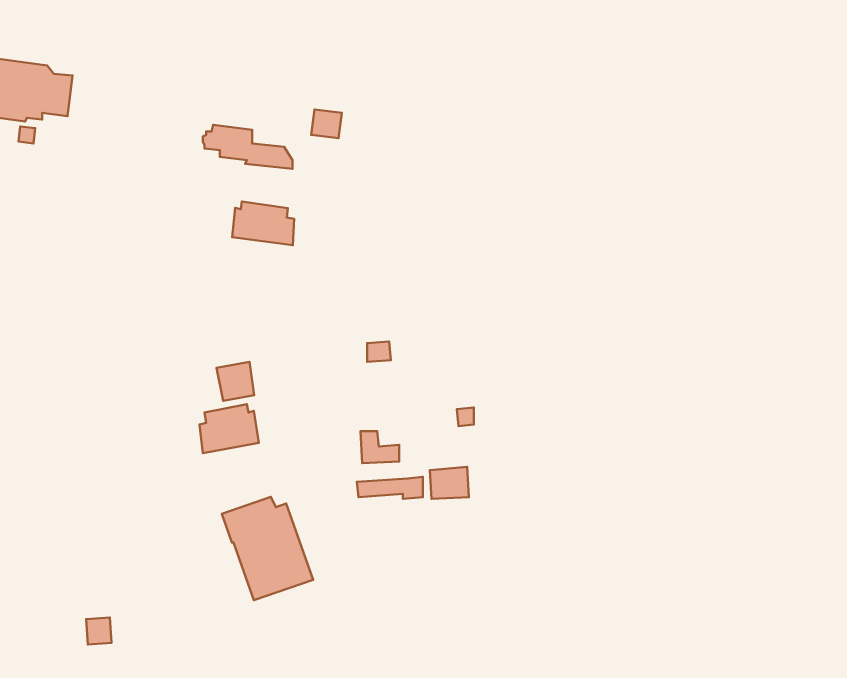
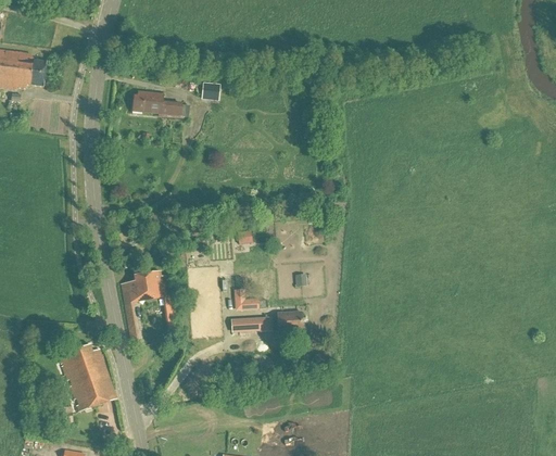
building: [232,202,294,245] -> none
building: [217,362,254,401] -> none
building: [222,497,313,600] -> [59,343,117,409]

